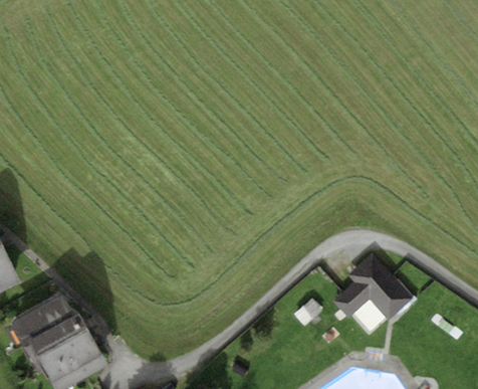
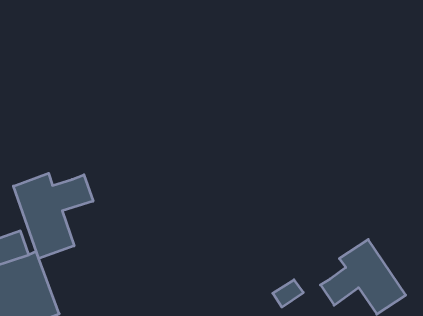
building: none -> [13,173,93,259]

